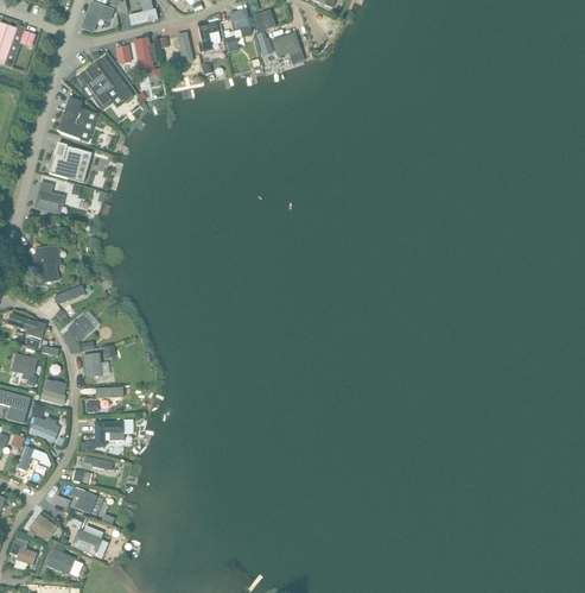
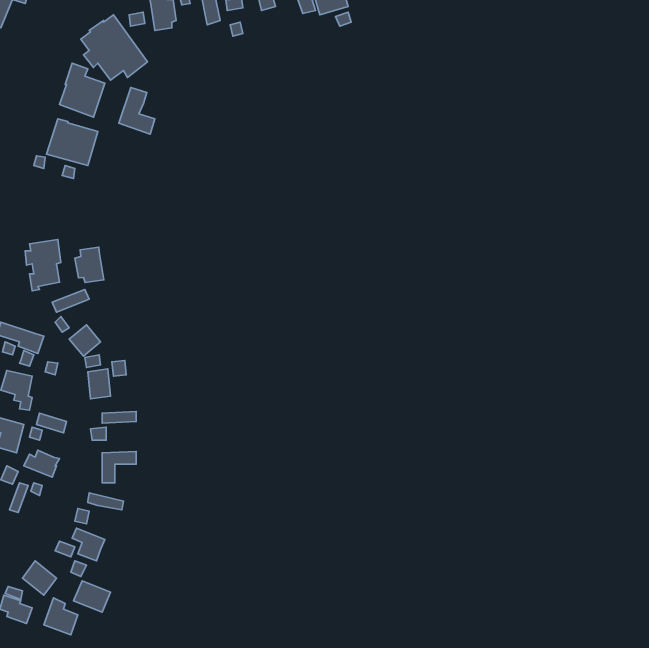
building: none -> [119,87,155,134]
building: [33,189,64,214] -> none
building: none -> [75,247,104,283]

